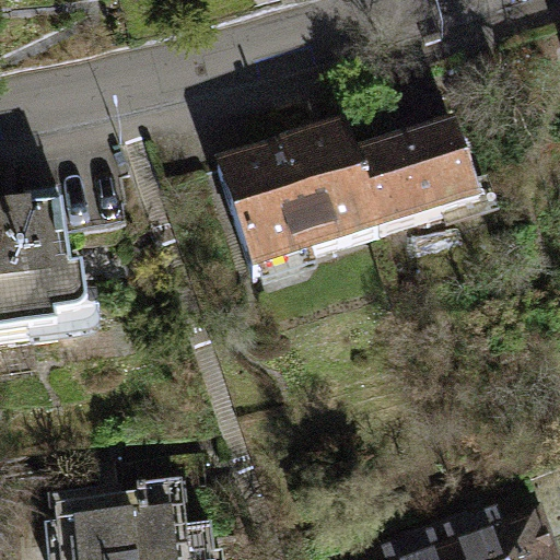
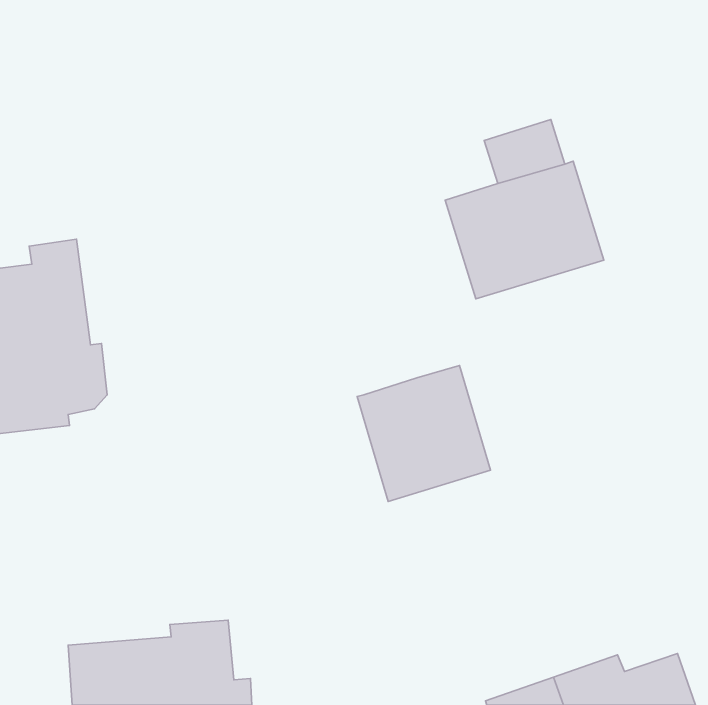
building: [220,128,374,271] -> none
building: none -> [357,366,490,501]

